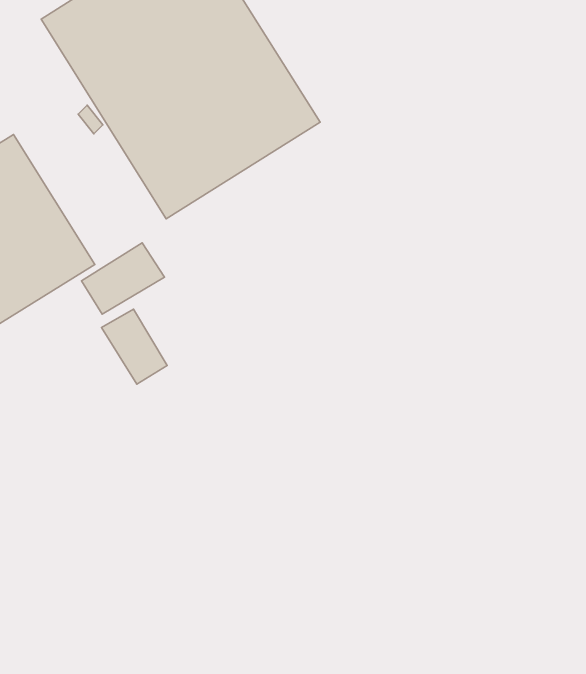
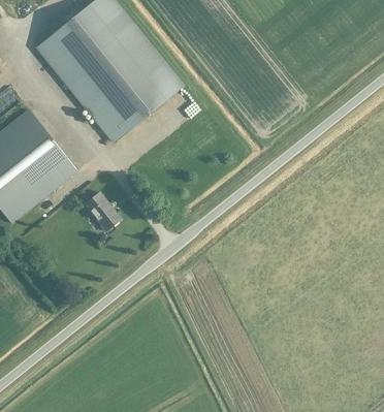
building: [82,243,165,314] -> none

